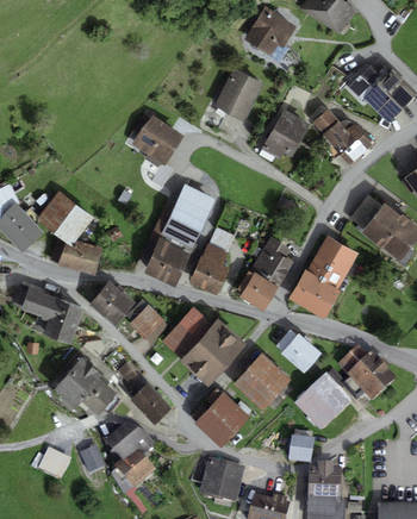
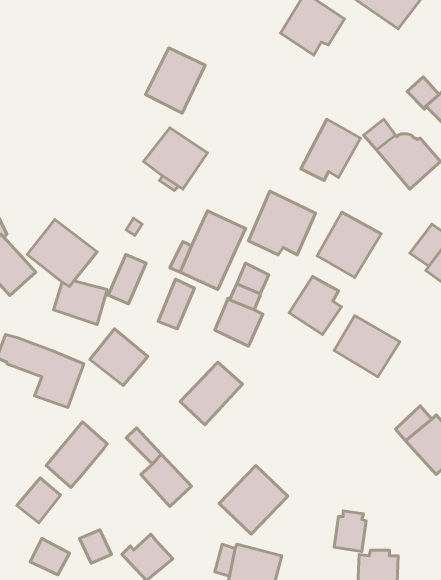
building: [214,68,263,121] -> [146,48,205,113]
building: none -> [249,191,315,255]
building: [307,235,360,288] -> [317,212,381,278]
building: [160,246,191,287] -> [108,254,146,304]
building: [238,271,278,312] -> none
building: [126,299,172,345] -> none
building: [180,319,247,387] -> none
building: [276,330,322,373] -> none
building: [234,352,291,409] -> none
building: [294,371,351,429] -> none
building: [81,377,117,414] -> [17,478,61,523]
building: [106,420,156,461] -> none

